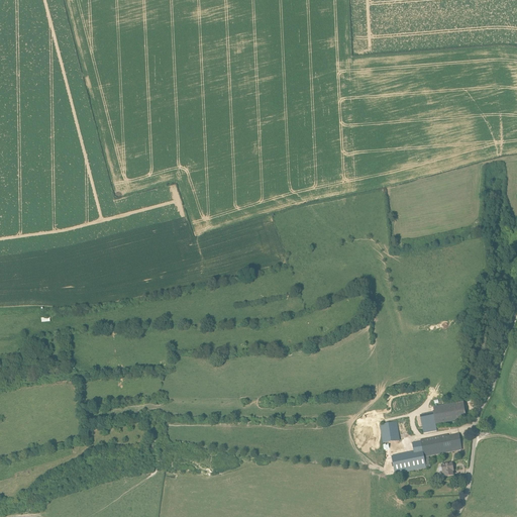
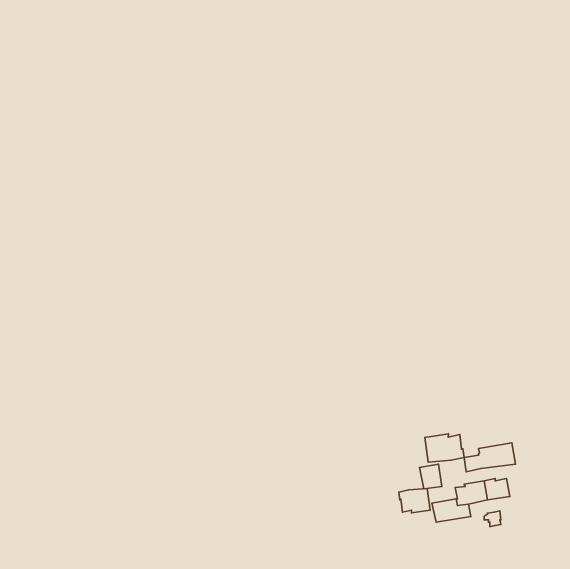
building: none -> [425,434,464,462]
building: none -> [399,488,430,513]

